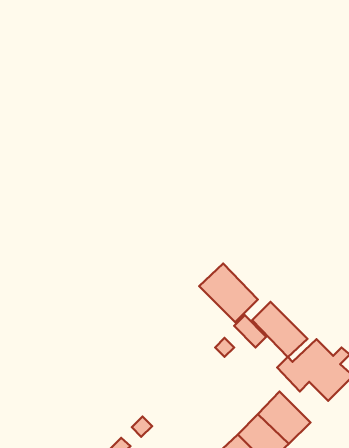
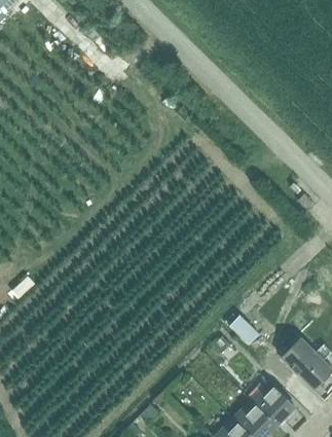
building: [199,264,258,322] -> none
building: [252,302,308,357] -> none

